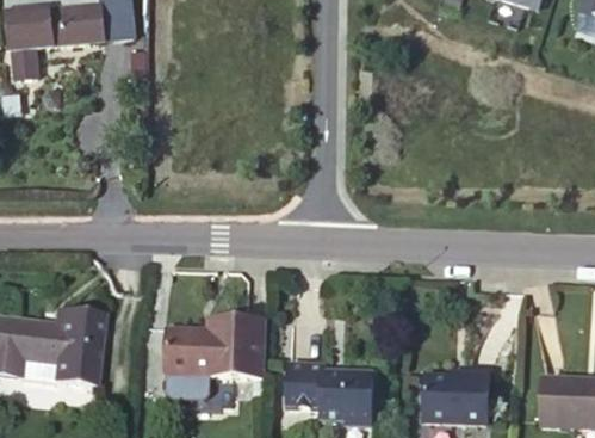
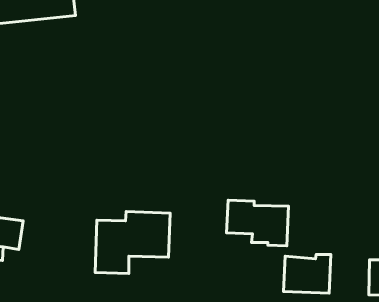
building: [54,309,101,385] -> none
building: [286,363,372,426] -> [227,200,288,246]

